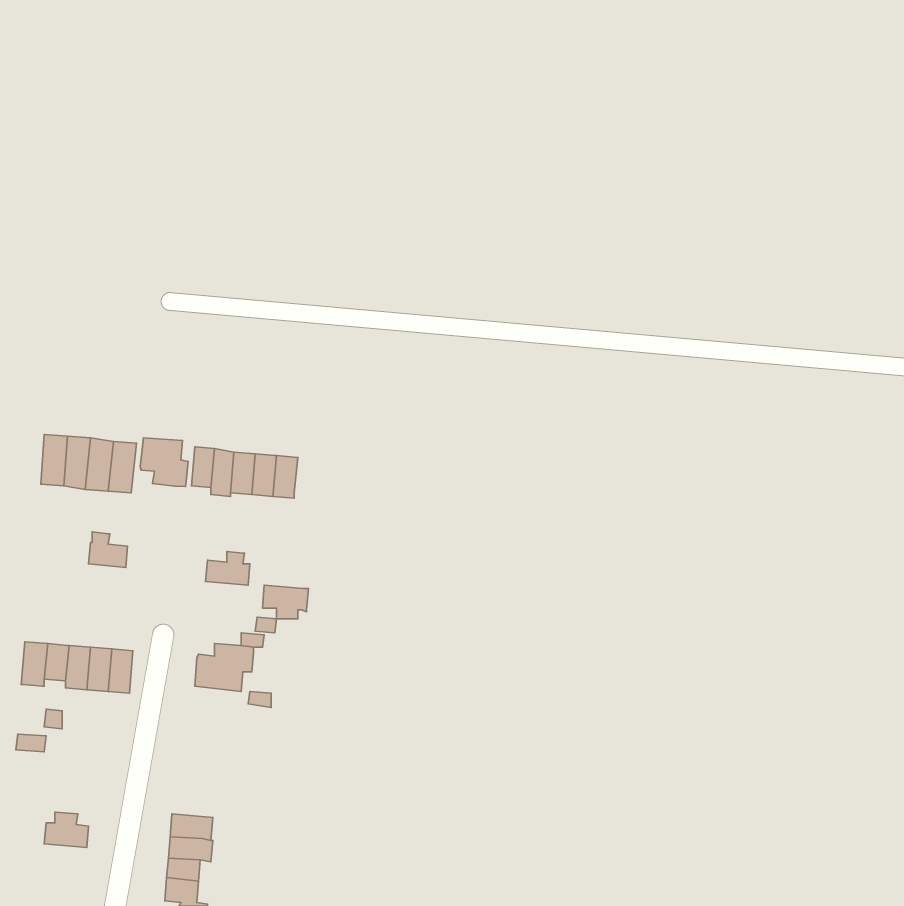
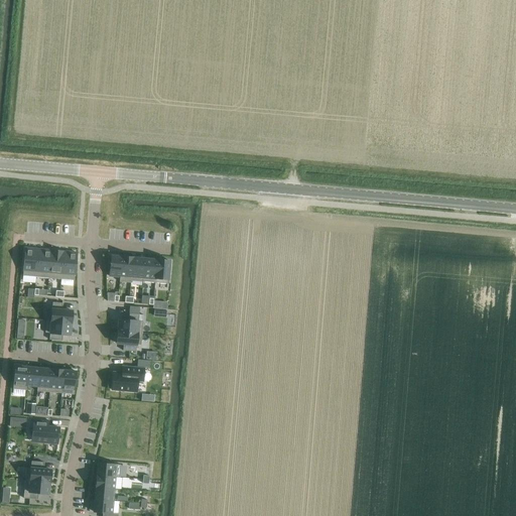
building: [140,438,188,486] -> none
building: none -> [46,320,73,341]
building: [262,585,308,619] -> [116,332,142,351]
building: none -> [32,419,60,444]
building: none -> [24,480,50,499]

